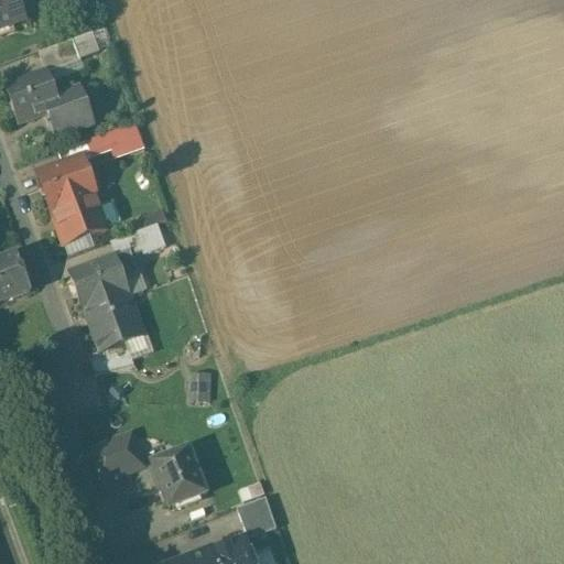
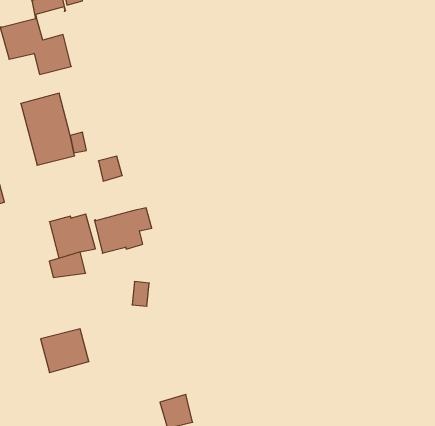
building: [86,126,129,152] -> none
building: [70,249,139,307] -> [94,208,152,253]
building: [152,445,207,506] -> none

